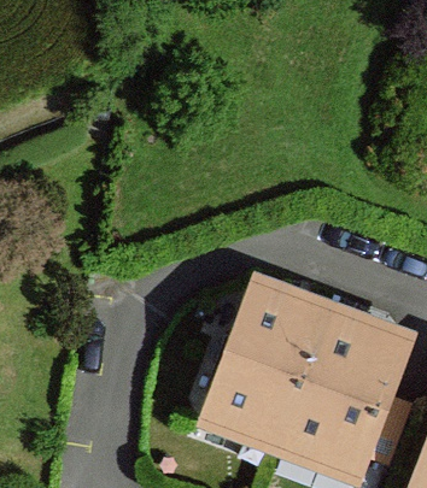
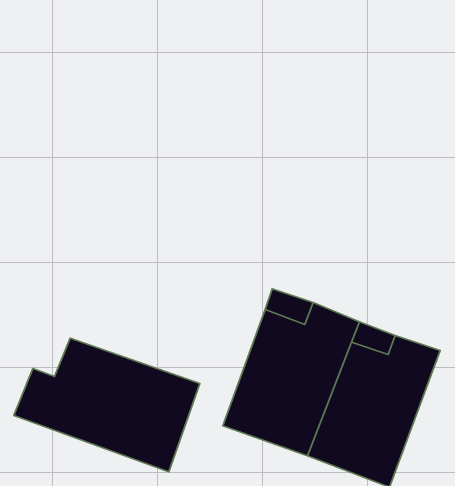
building: none -> [14,338,200,472]

